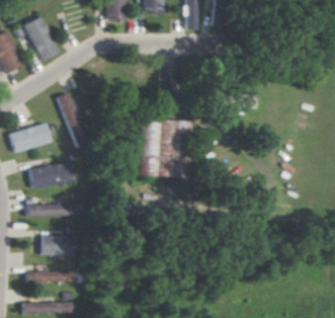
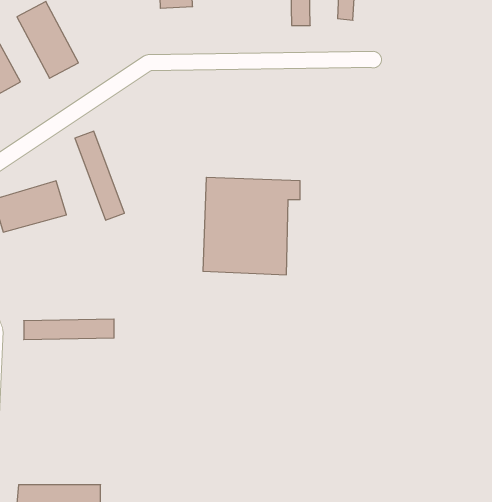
building: [29,161,76,188] -> none
building: [41,235,74,256] -> none
building: [27,264,77,282] -> none

